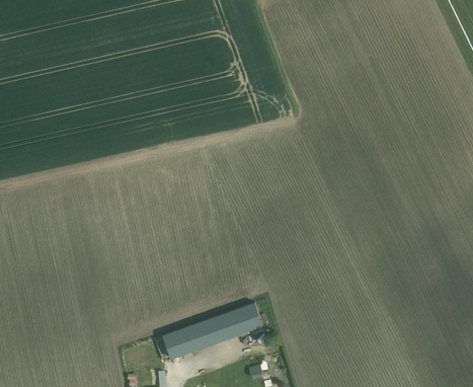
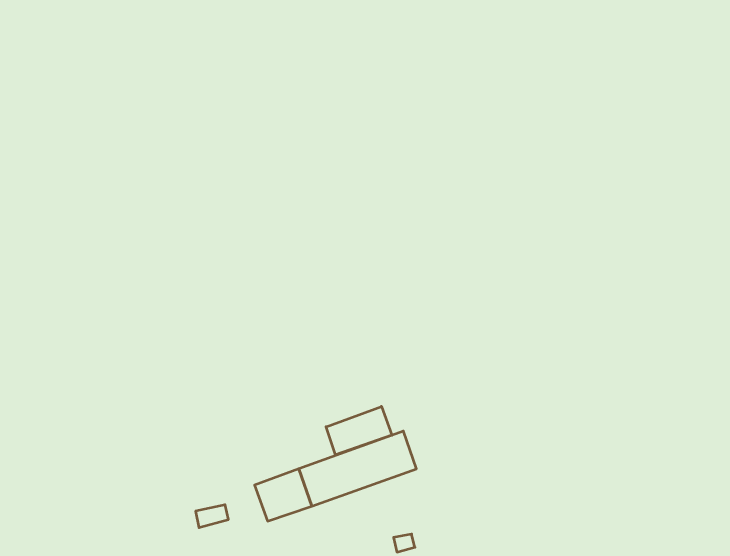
building: none -> [326,406,392,455]

